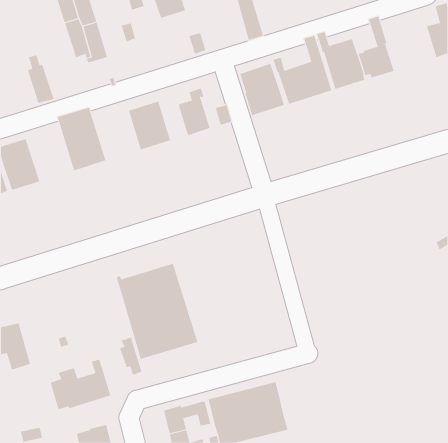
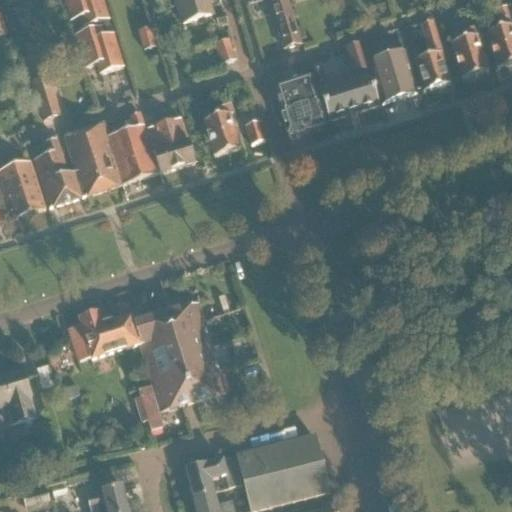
building: none -> [450,23,488,77]
building: none -> [107,110,159,183]
building: none -> [34,136,84,206]
building: [50,359,111,410] -> [70,300,140,358]

